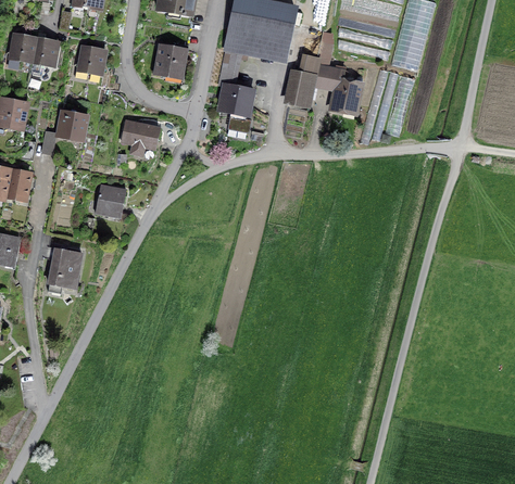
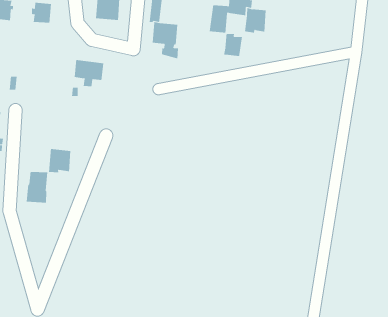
building: none -> [223,33,242,57]
building: [59,111,87,137] -> none
building: [96,183,126,214] -> [48,148,71,173]

